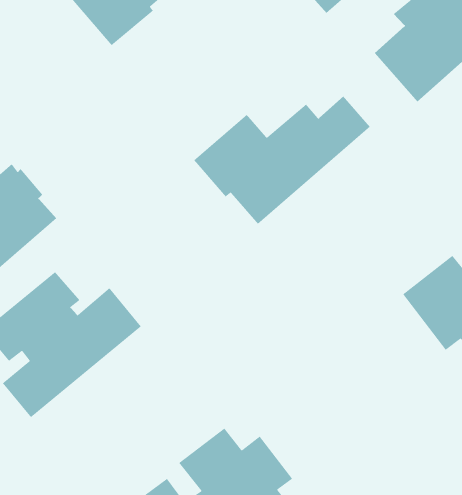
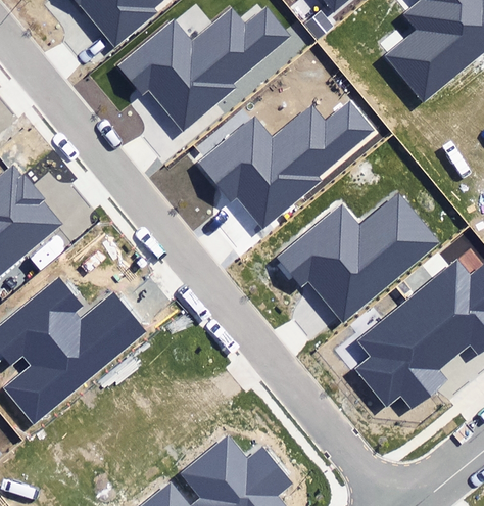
building: none -> [117,6,290,130]
building: none -> [278,194,438,321]
building: none -> [356,298,452,407]

